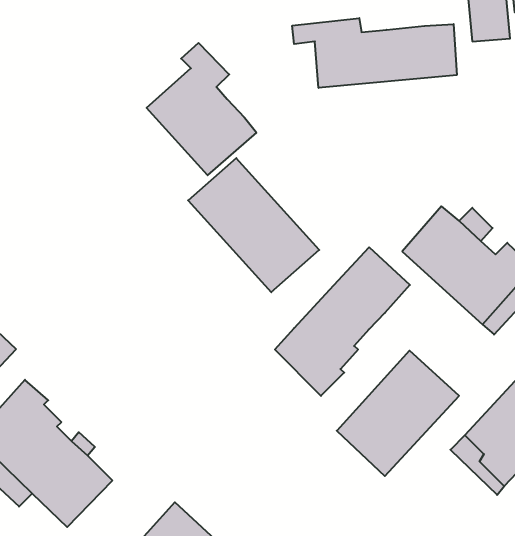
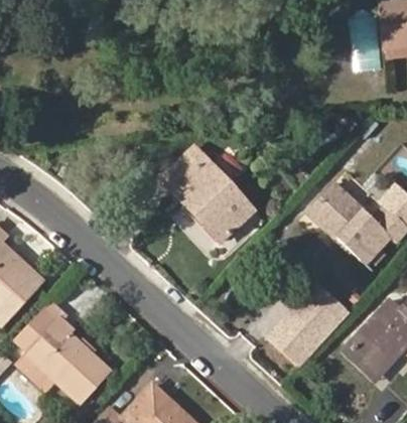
building: [292,18,457,88] -> none
building: [147,43,256,175] -> none
building: [275,247,410,396] -> none

